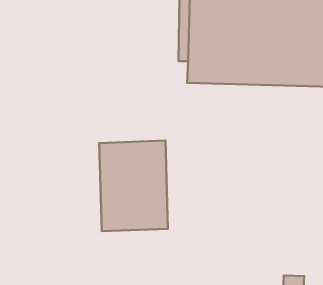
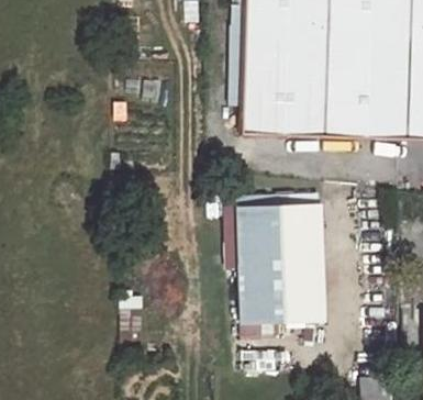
building: [99,141,168,231] -> [241,204,327,319]

